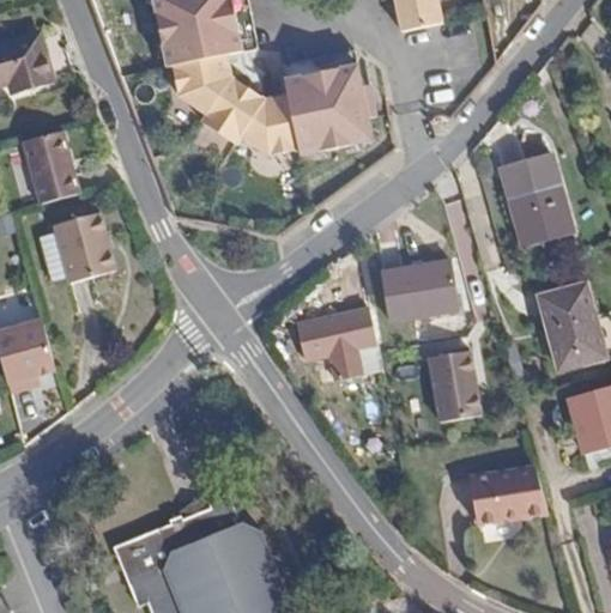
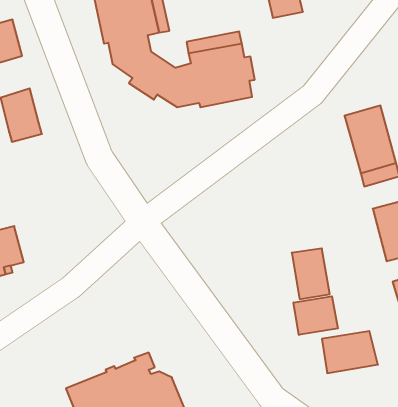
building: [41,212,114,283] -> none
building: [381,261,456,320] -> none
building: [296,308,382,381] -> none
building: none -> [294,296,338,335]

